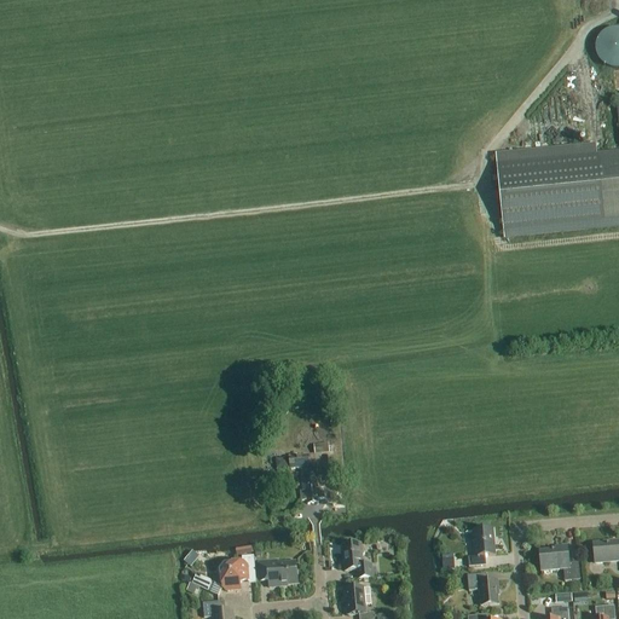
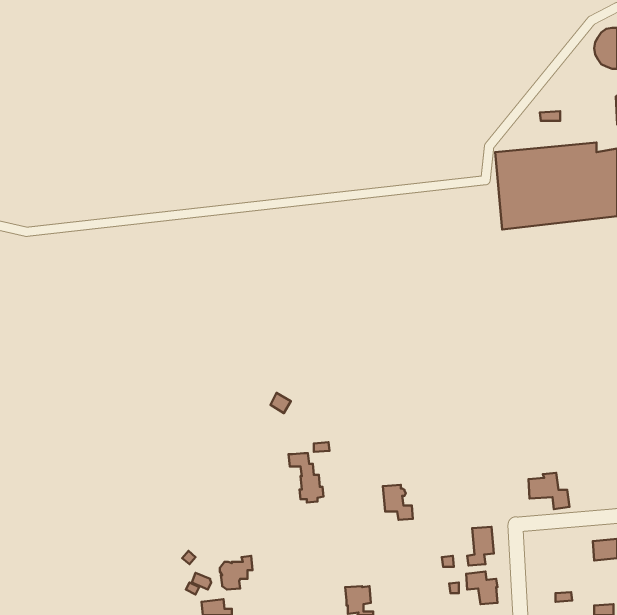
building: [342,543,372,578] -> [383,485,413,520]
building: [539,544,580,580] -> [528,473,569,509]
building: [258,559,297,586] -> none

